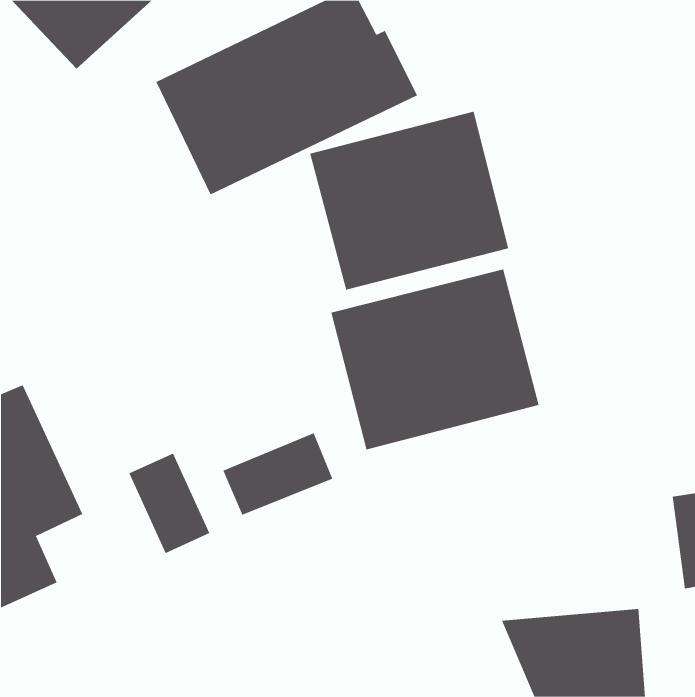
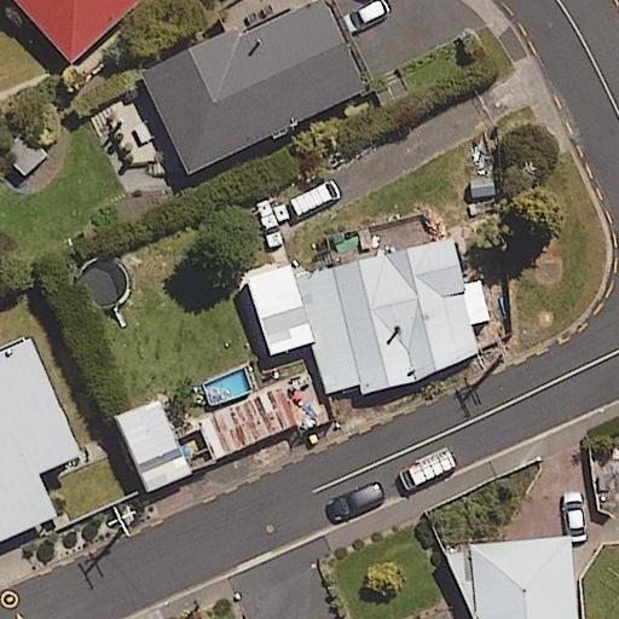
building: [309,111,509,290] -> none

